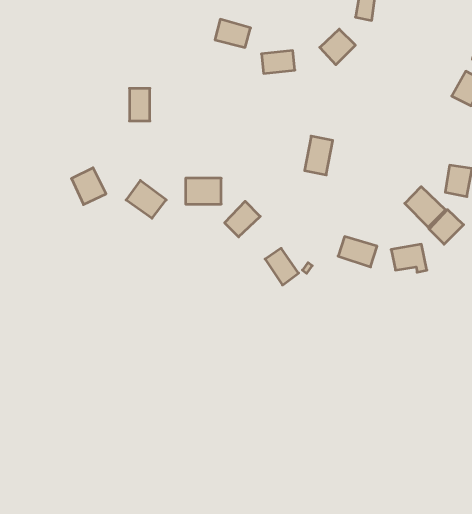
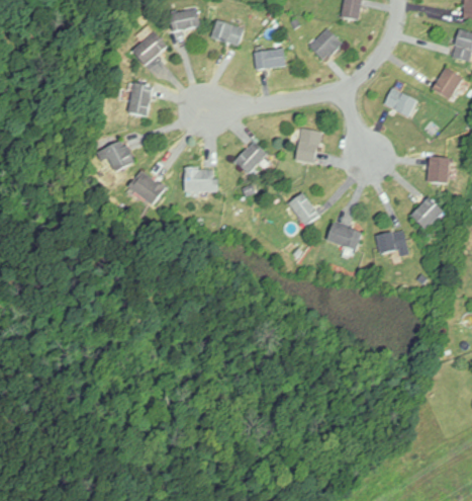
building: none -> [170,9,200,30]
building: none -> [131,31,166,65]
building: none -> [383,88,416,117]
building: [71,168,106,205] -> [102,138,134,172]
building: [405,187,446,227] -> none
building: [225,201,260,237] -> [233,141,267,174]
building: [265,248,299,285] -> [287,192,318,227]

